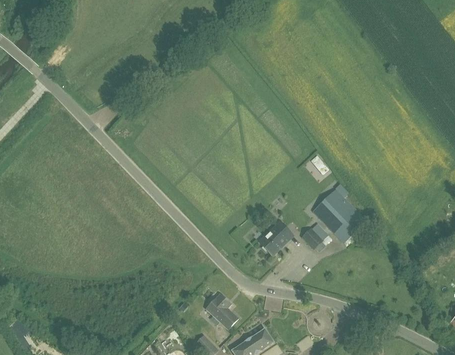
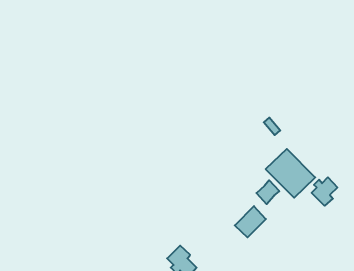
building: none -> [312,177,337,206]
building: [258,220,292,254] -> [235,206,266,237]

